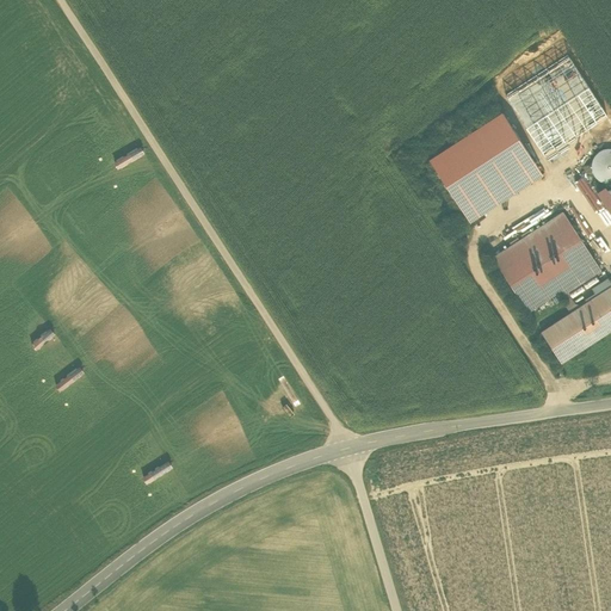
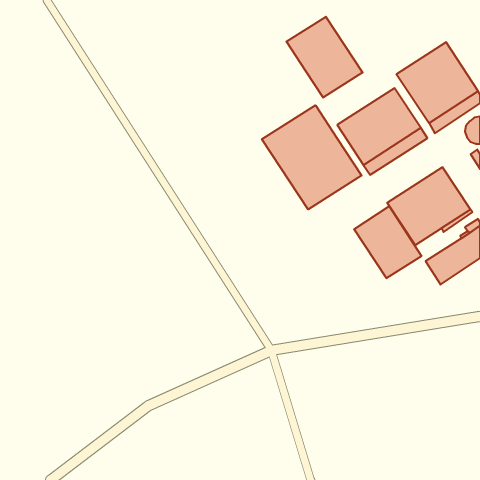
building: none -> [286,17,363,98]
building: none -> [262,105,362,209]
building: none -> [354,206,421,278]

